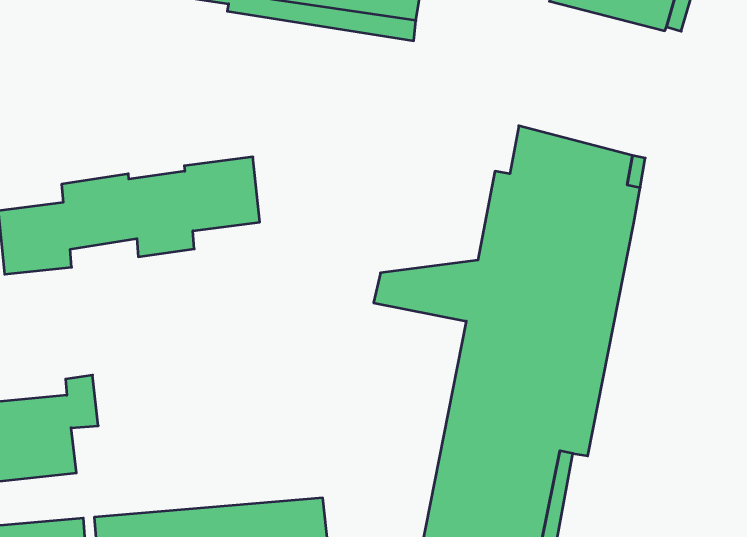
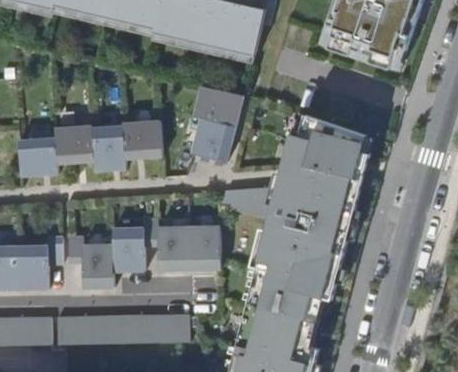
building: none -> [190,86,242,163]
building: none -> [68,216,223,286]

